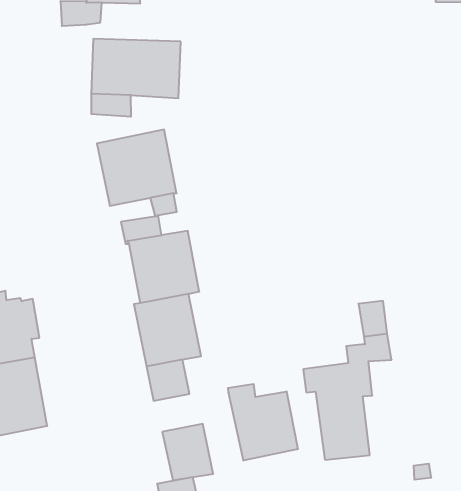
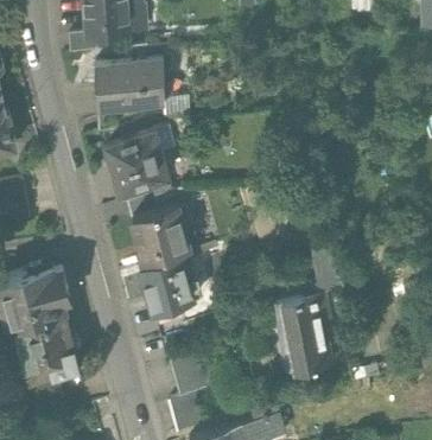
building: [228,384,298,461] -> none

